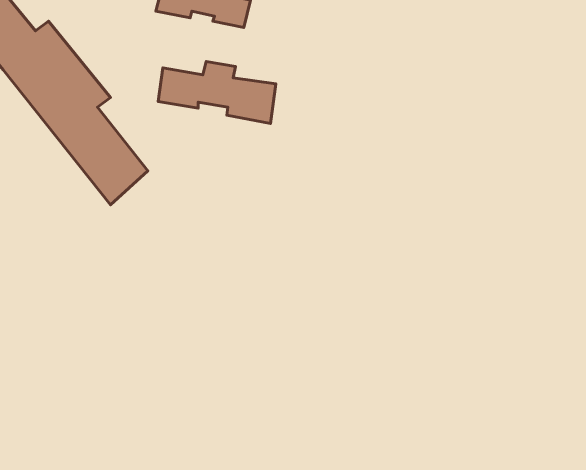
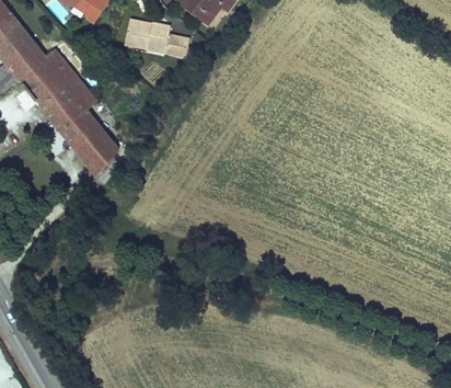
building: [158,61,276,123] -> none

